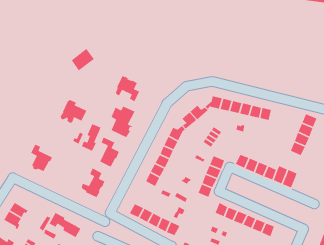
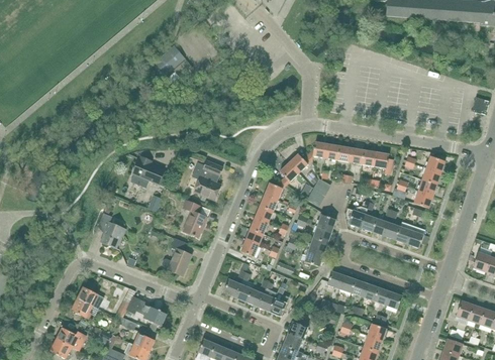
building: [71,48,95,71] -> [156,45,185,75]
building: [115,75,140,103] -> none
building: [81,123,102,152] -> none

